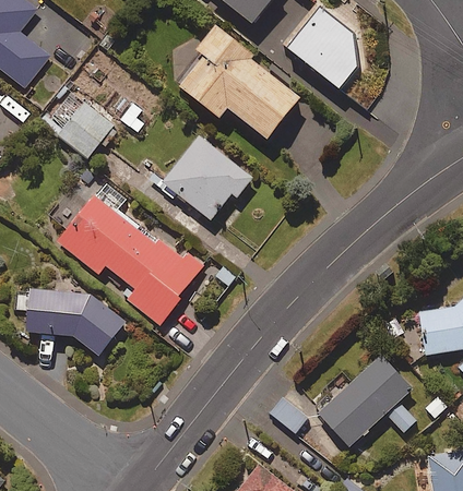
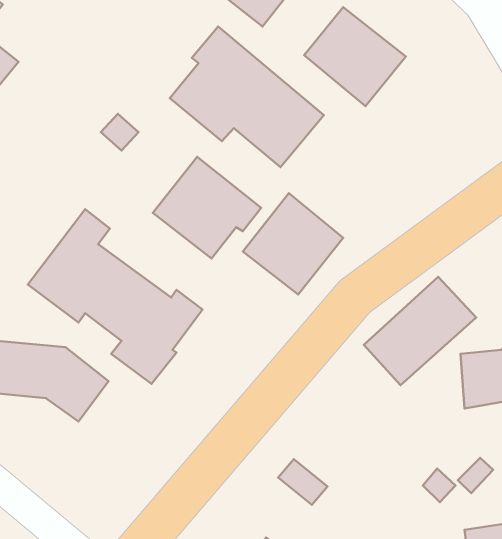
building: [43,88,114,158] -> none
building: none -> [243,193,343,295]
building: [318,346,412,436] -> [364,277,476,385]

